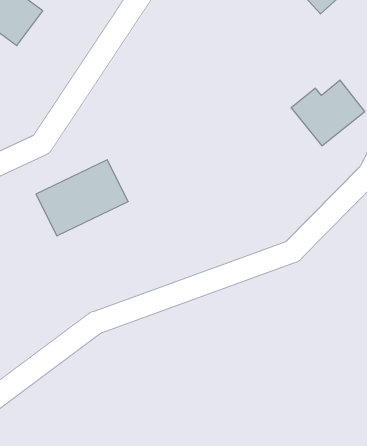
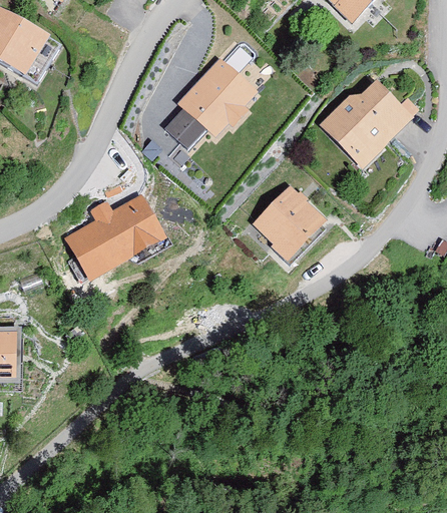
building: none -> [166,62,252,144]
building: none -> [258,187,323,255]

